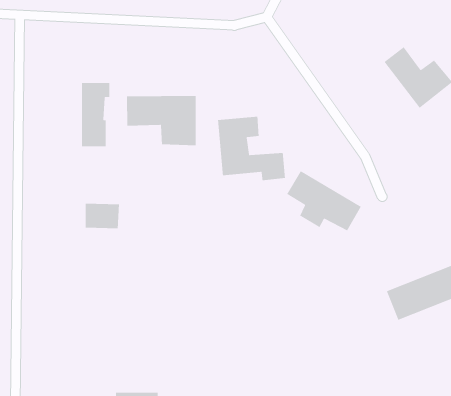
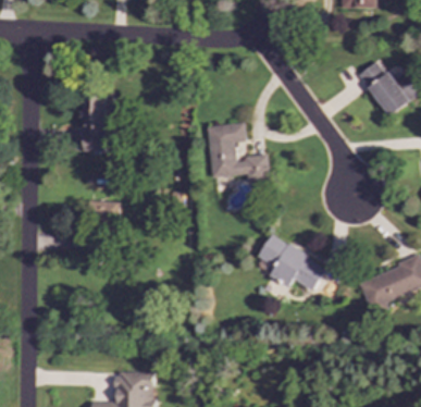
building: [126,95,197,146] -> none
building: [286,170,362,232] -> [259,235,327,291]

